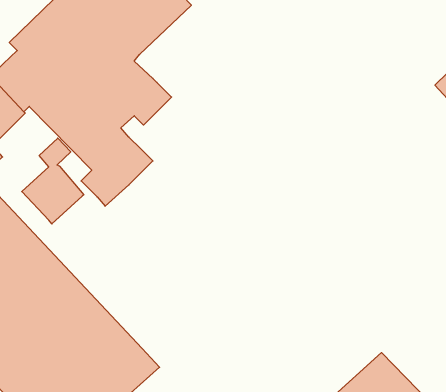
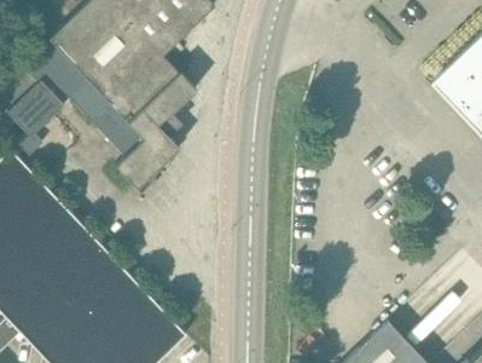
building: [22,138,84,224] -> none

